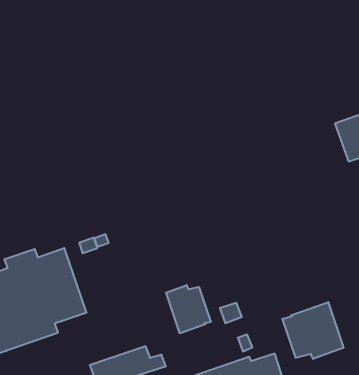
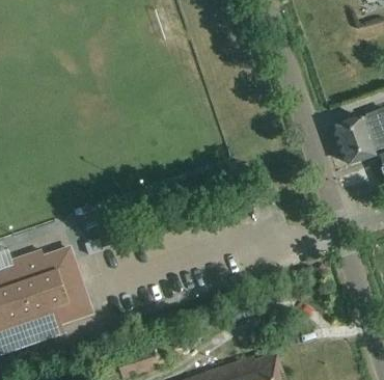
building: [166,285,211,333] -> none
building: [282,302,344,359] -> none

